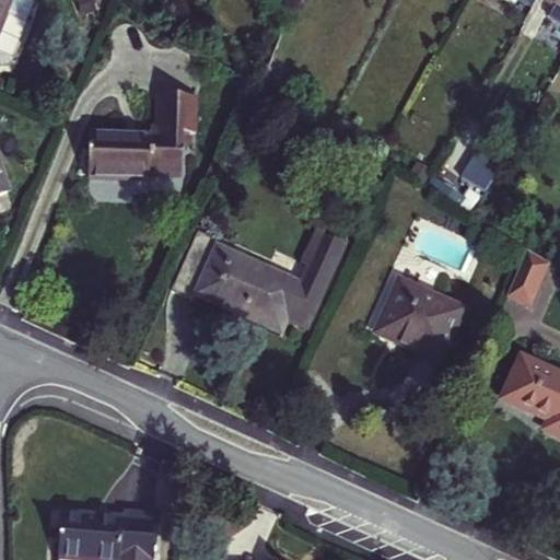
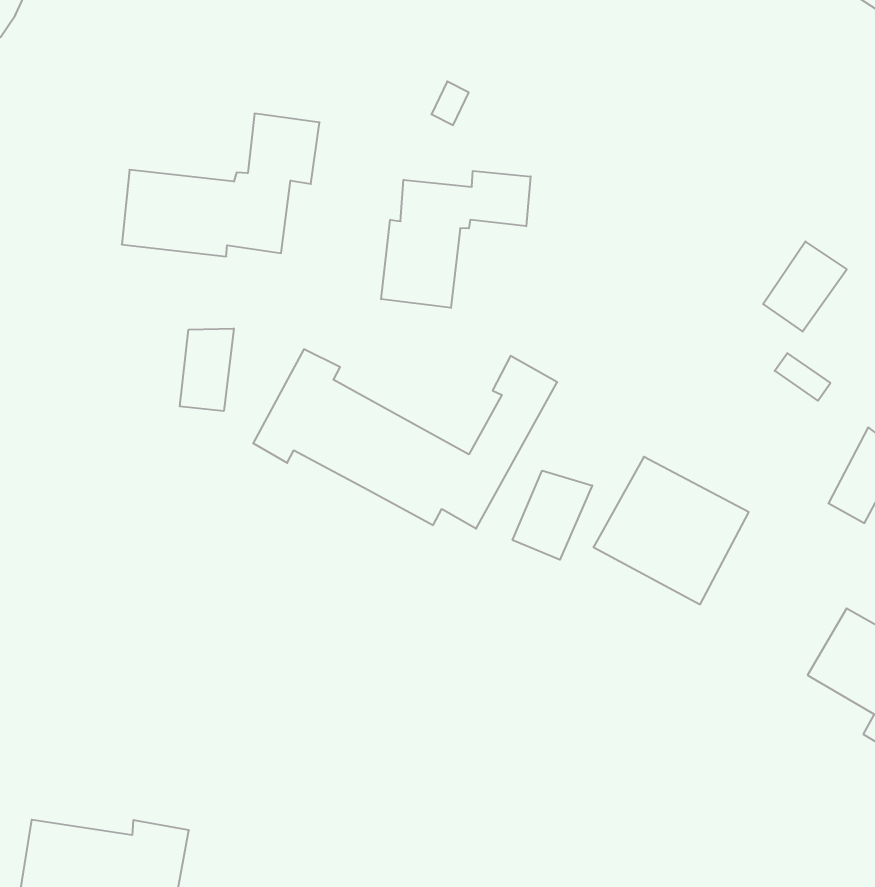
building: none -> [381,171,531,308]
building: none -> [180,328,234,411]
building: none -> [513,471,592,560]

